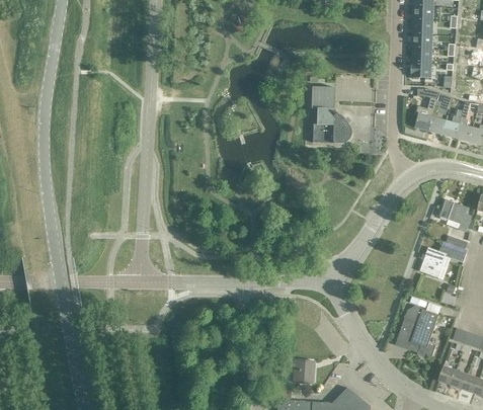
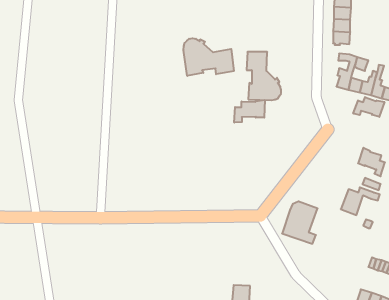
building: none -> [184,38,234,76]
building: none -> [353,97,384,117]
building: none -> [234,100,265,123]
building: [397,308,438,357] -> [282,201,318,244]

